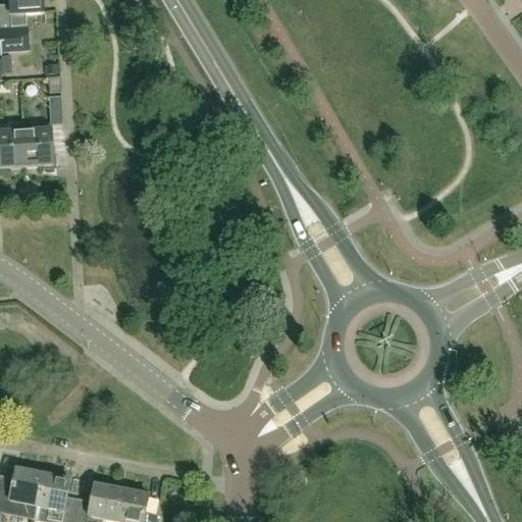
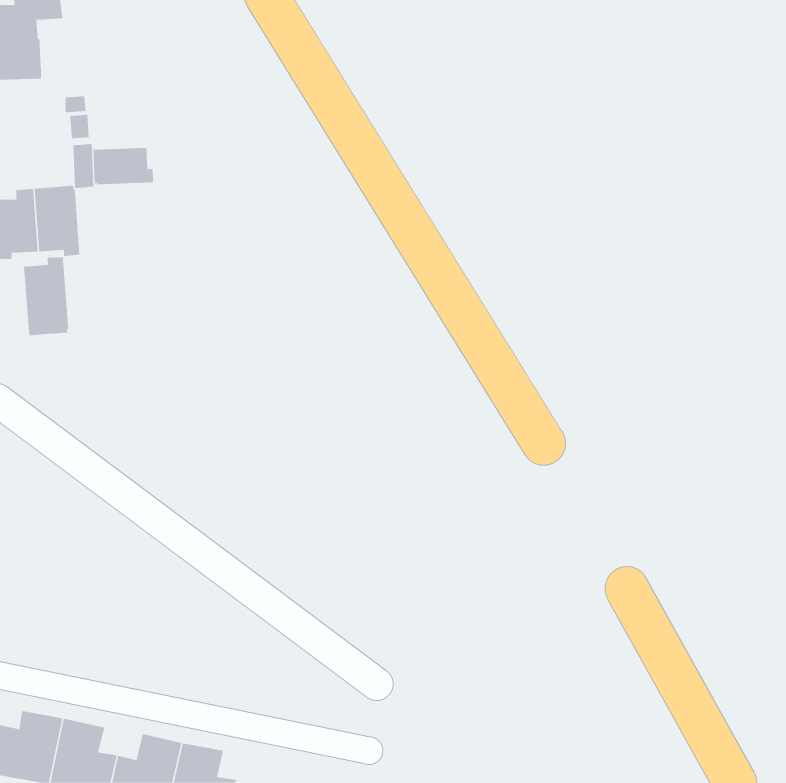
building: none -> [93,147,153,185]
building: none -> [24,256,69,336]

